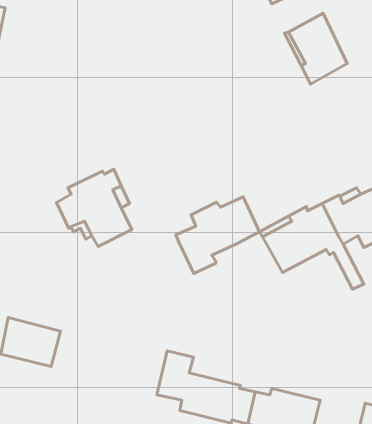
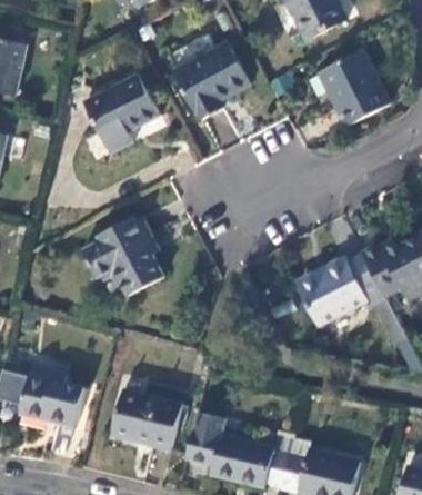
building: none -> [175,44,251,121]
building: none -> [82,72,159,151]
building: [176,197,259,274] -> none
building: none -> [112,390,180,449]

